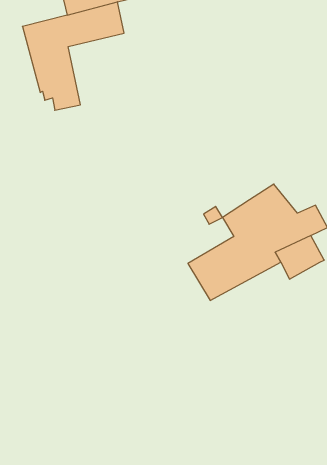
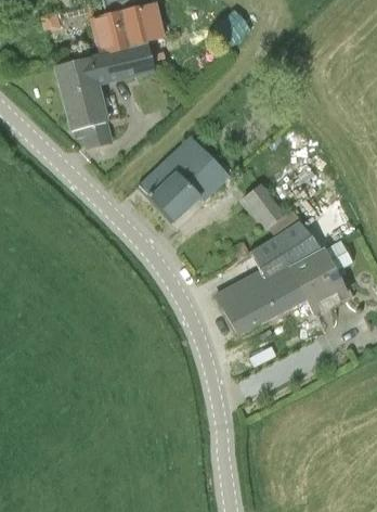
building: none -> [138,137,230,222]
building: none -> [240,183,299,234]

